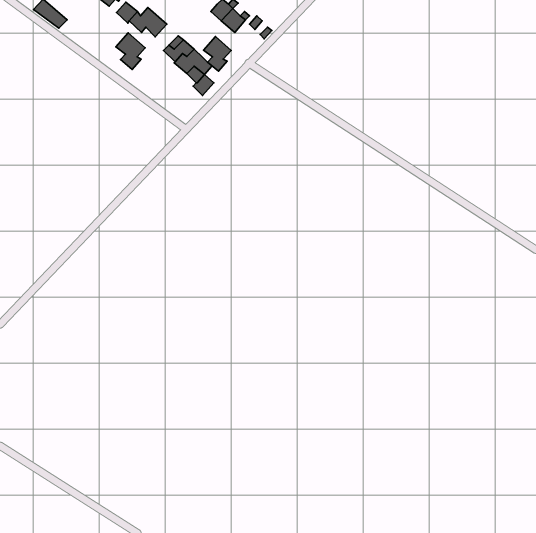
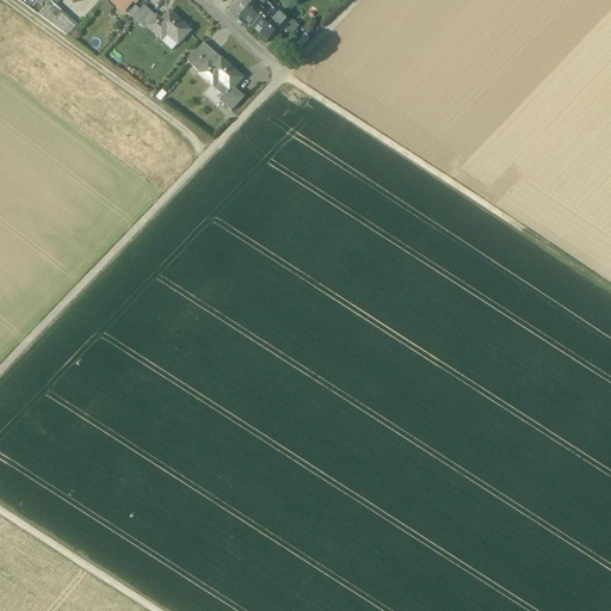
building: [116,33,145,70] -> none
building: [204,36,231,71] -> none

